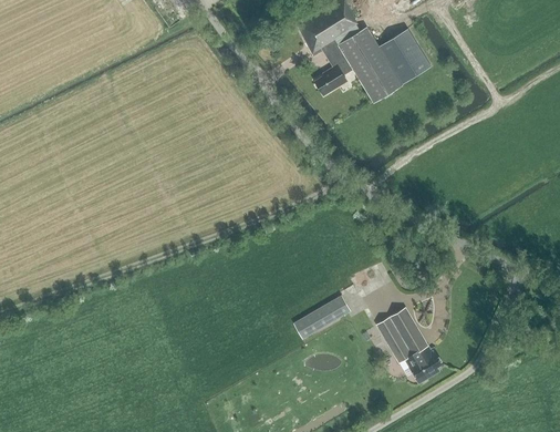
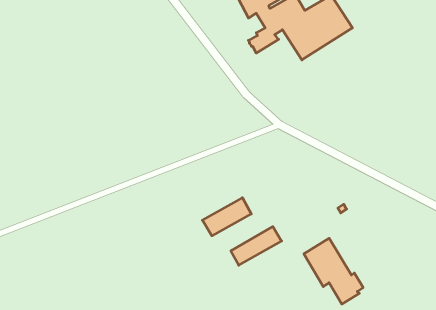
building: none -> [202,198,251,236]

